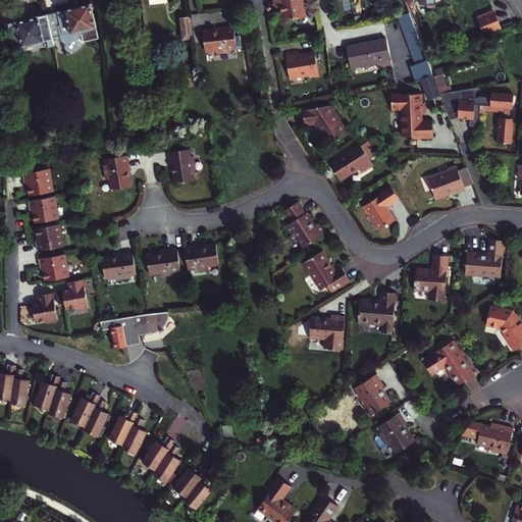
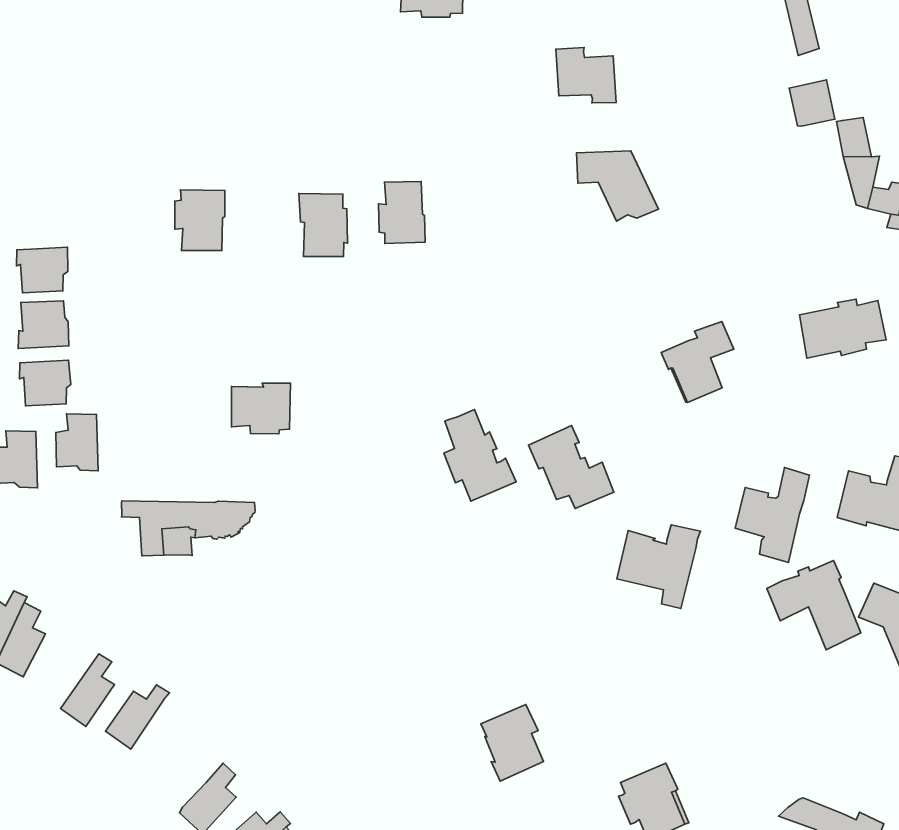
building: [346,37,392,66] -> none
building: [392,92,432,136] -> none
building: none -> [379,182,425,244]
building: [329,140,376,179] -> none
building: [21,169,51,197] -> none
building: [282,201,323,248] -> [444,409,516,501]
building: [184,246,218,273] -> none
building: [101,251,135,279] -> none
building: [309,312,344,348] -> none
building: [421,341,472,386] -> [767,560,861,650]
building: [353,374,387,415] -> [481,704,543,781]
building: [71,394,101,429] -> none
building: [121,418,147,456] -> none
building: [142,439,173,472] -> none

